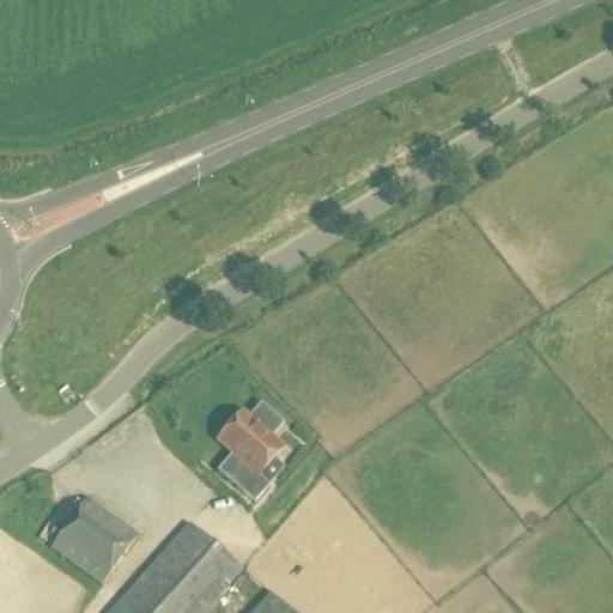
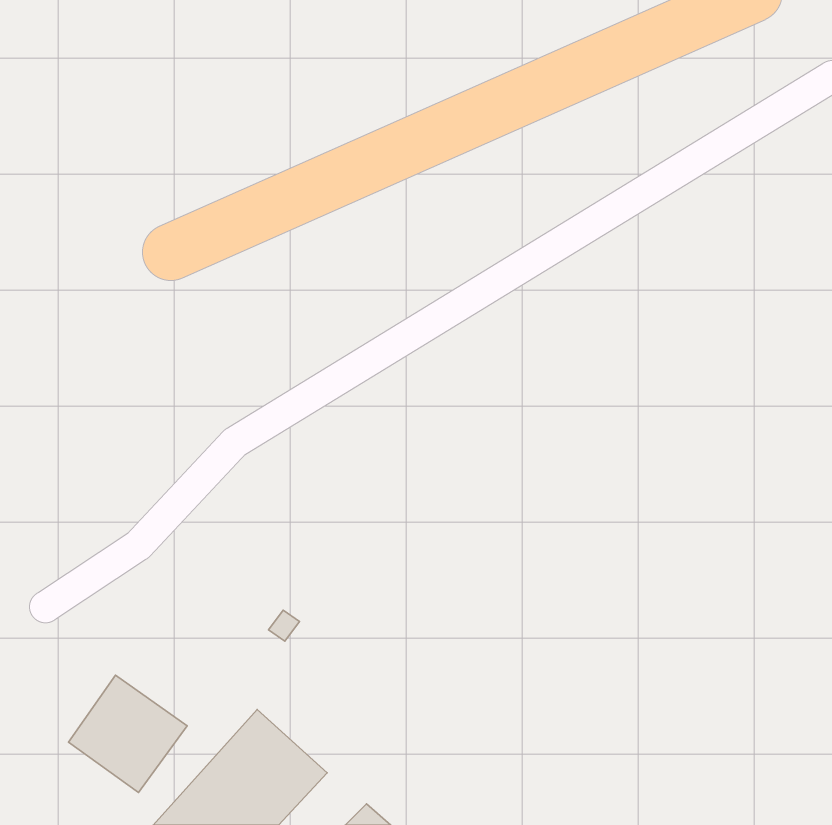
building: [217,401,284,500] -> none

